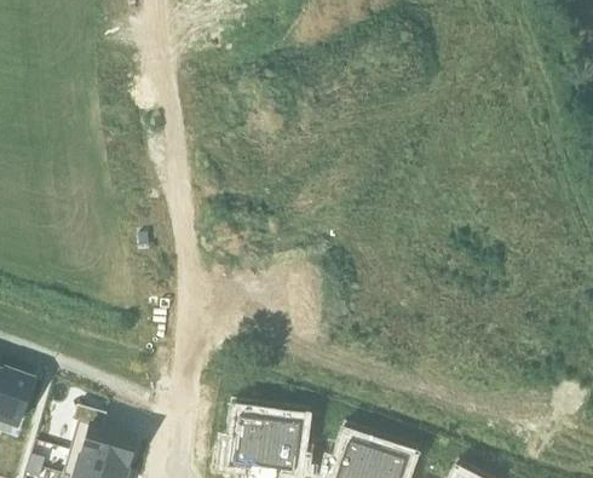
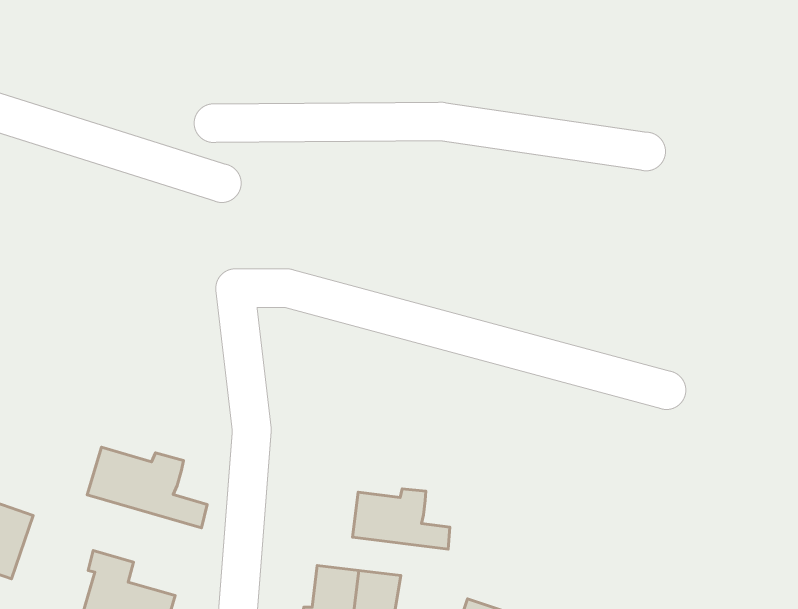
building: none -> [87,447,207,528]
building: none -> [352,489,450,549]

